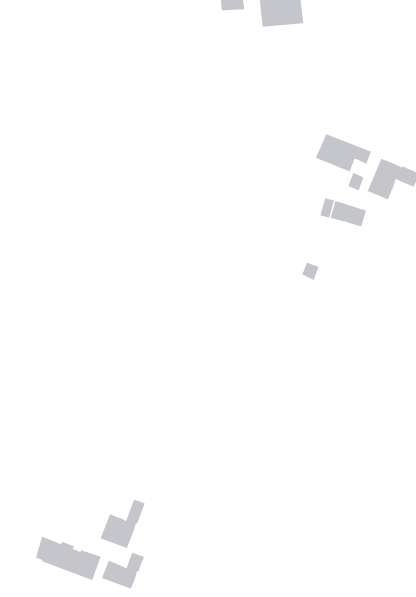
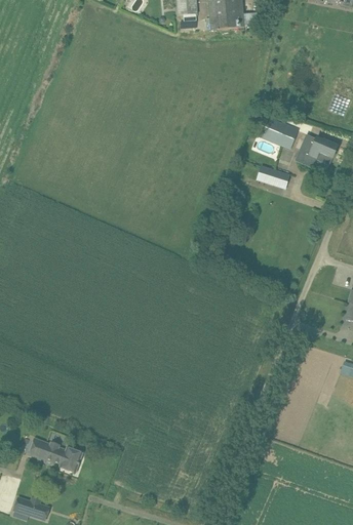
building: [100,499,146,549] -> none
building: [101,552,145,590] -> none

